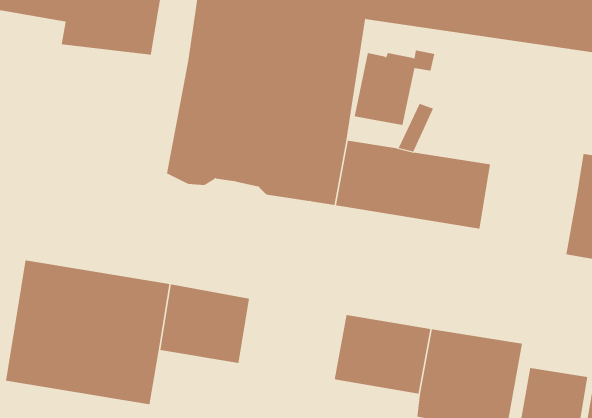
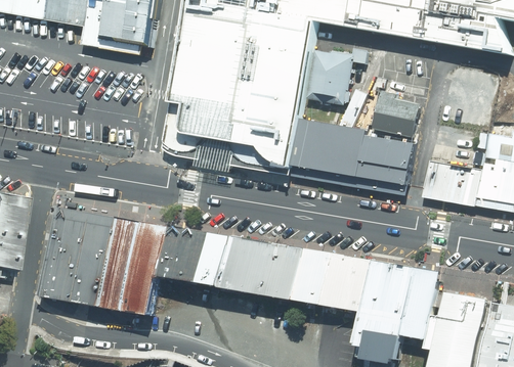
building: none -> [372,85,423,135]
building: none -> [423,150,480,204]
building: none -> [221,238,303,301]

